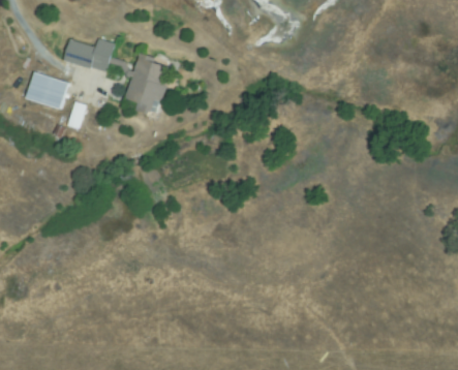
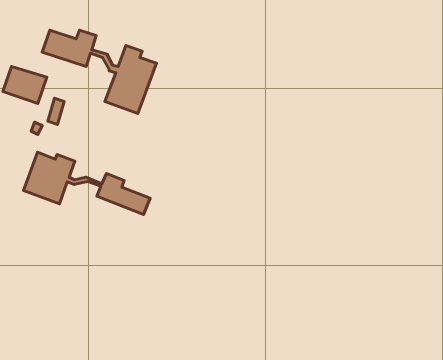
building: none -> [24,152,150,215]

